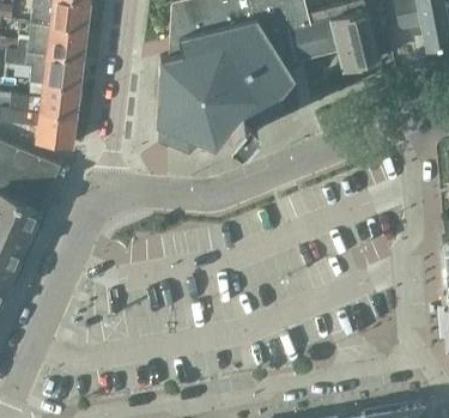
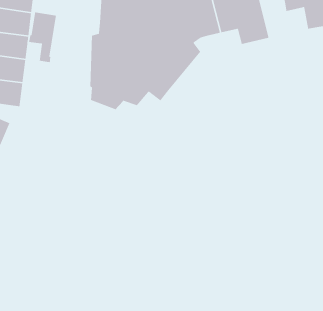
building: none -> [28,12,57,63]

